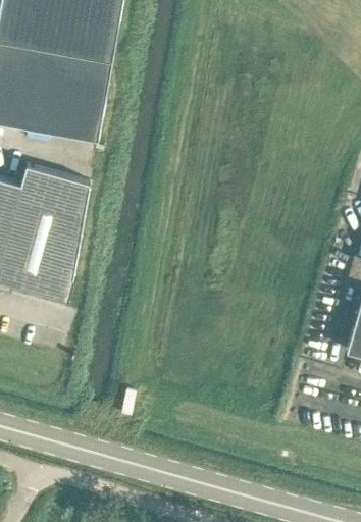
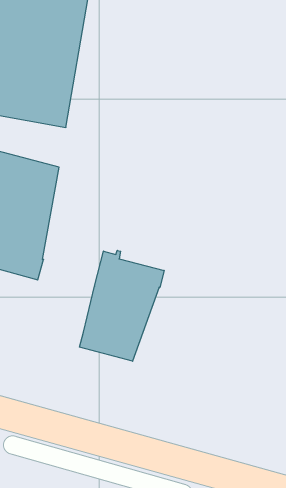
building: none -> [80,250,164,361]

